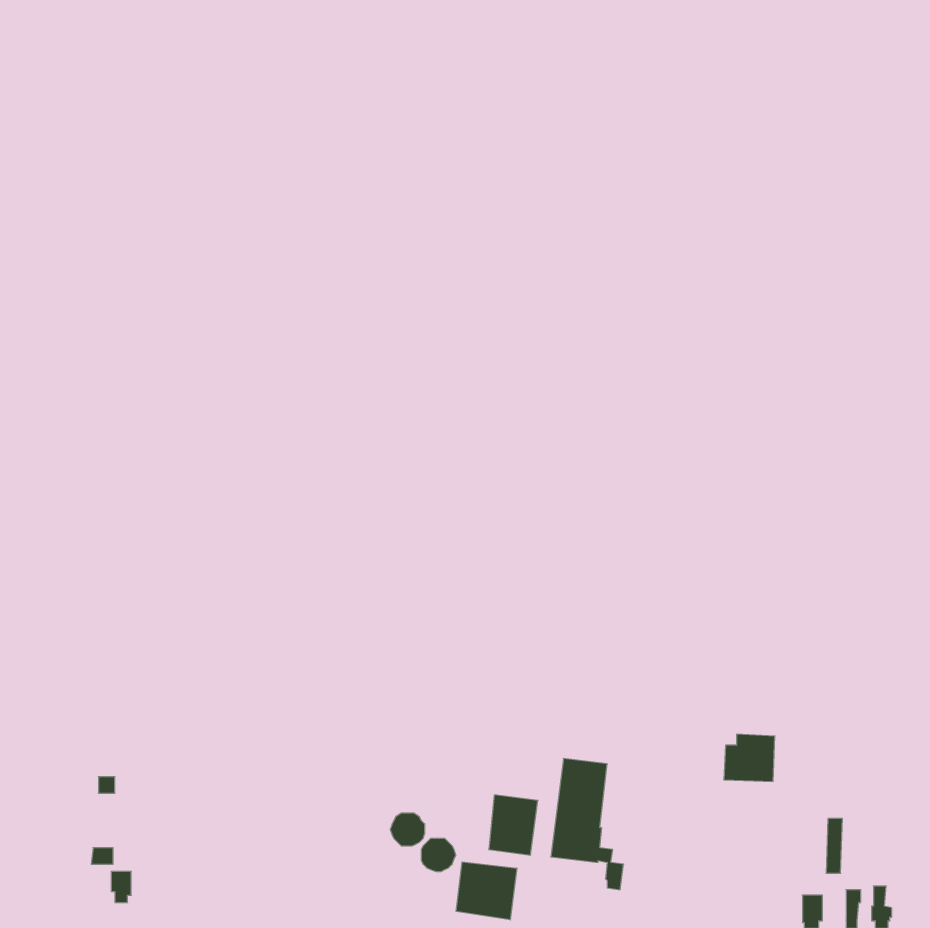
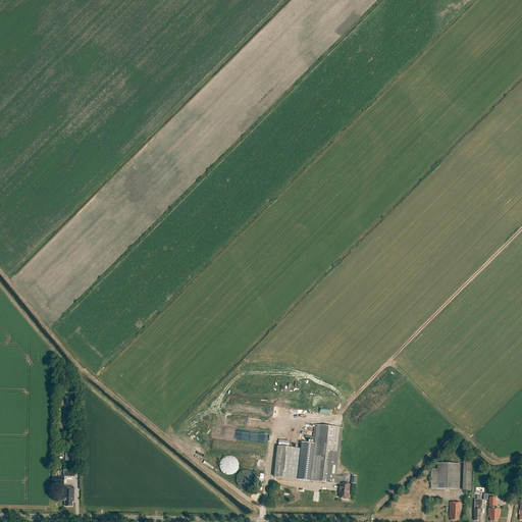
building: [724,734,775,782] -> [429,462,458,488]
building: [456,862,517,920] -> none

